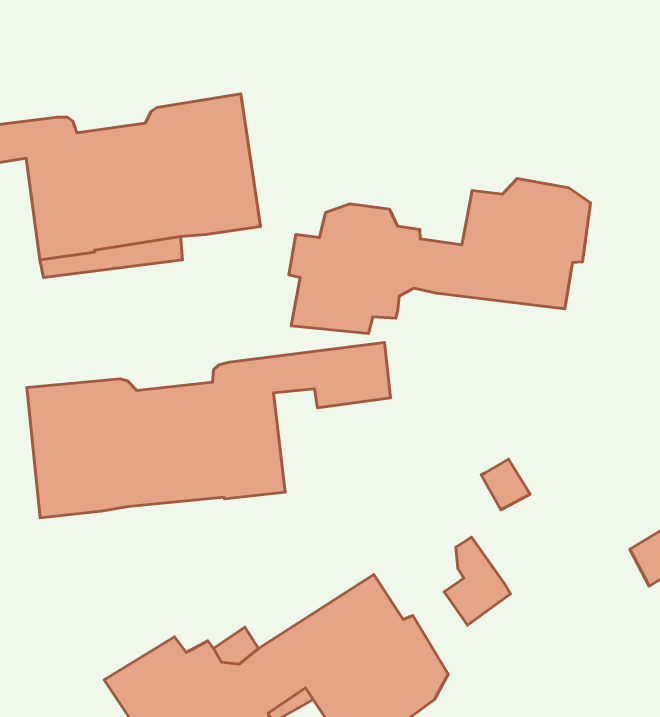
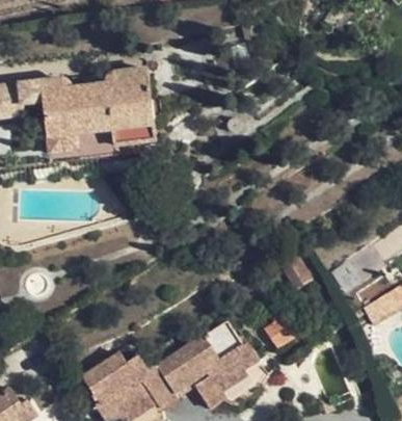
building: [289,178,590,334] -> none
building: [27,342,391,518] -> none

